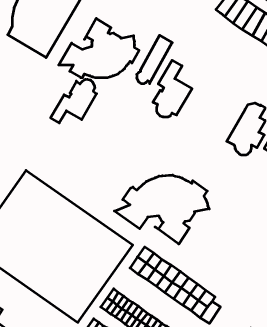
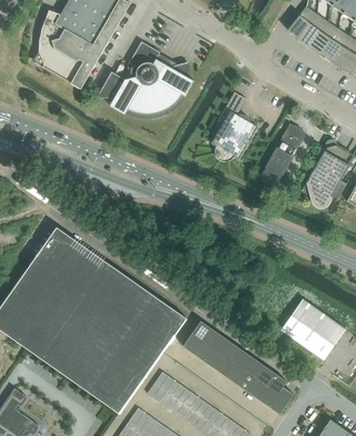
building: [137,35,172,84] -> [261,125,305,184]
building: [51,79,97,123] -> none
building: [114,175,209,244] -> none
building: none -> [280,299,345,359]

